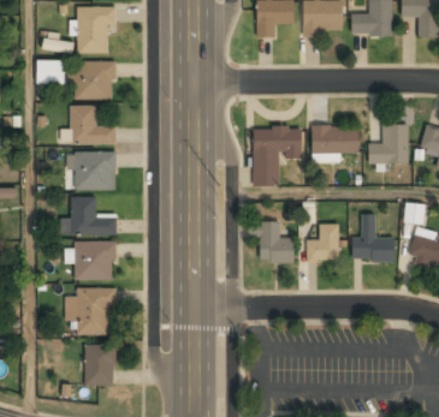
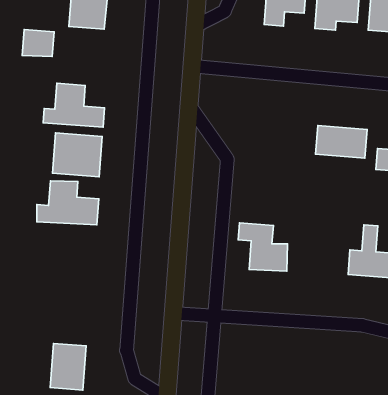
building: [75,62,115,100] -> none
building: [253,127,301,186] -> none
building: [305,225,339,262] -> none
building: [66,242,115,281] -> none
building: [65,288,114,335] -> none

